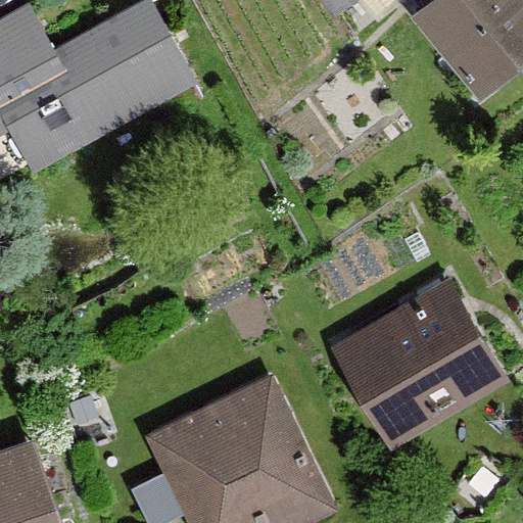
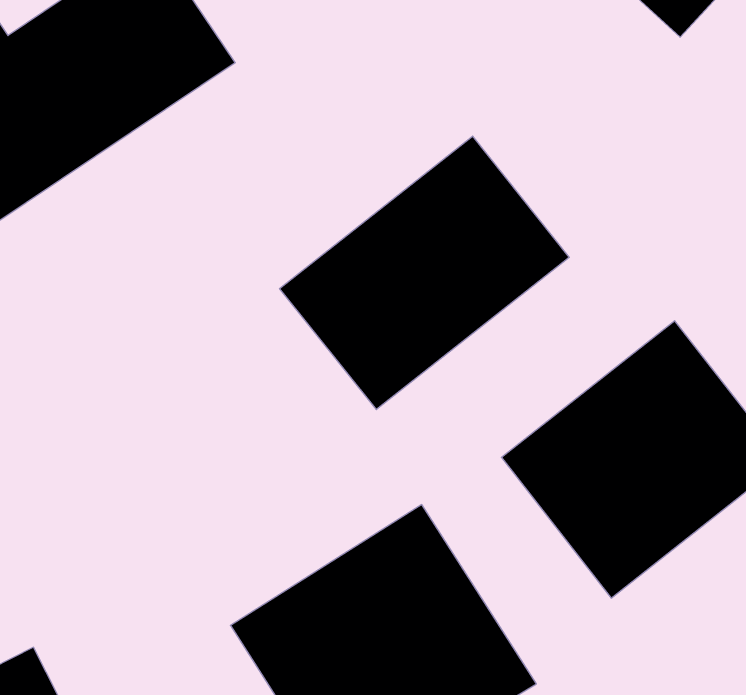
building: none -> [280,136,569,410]

